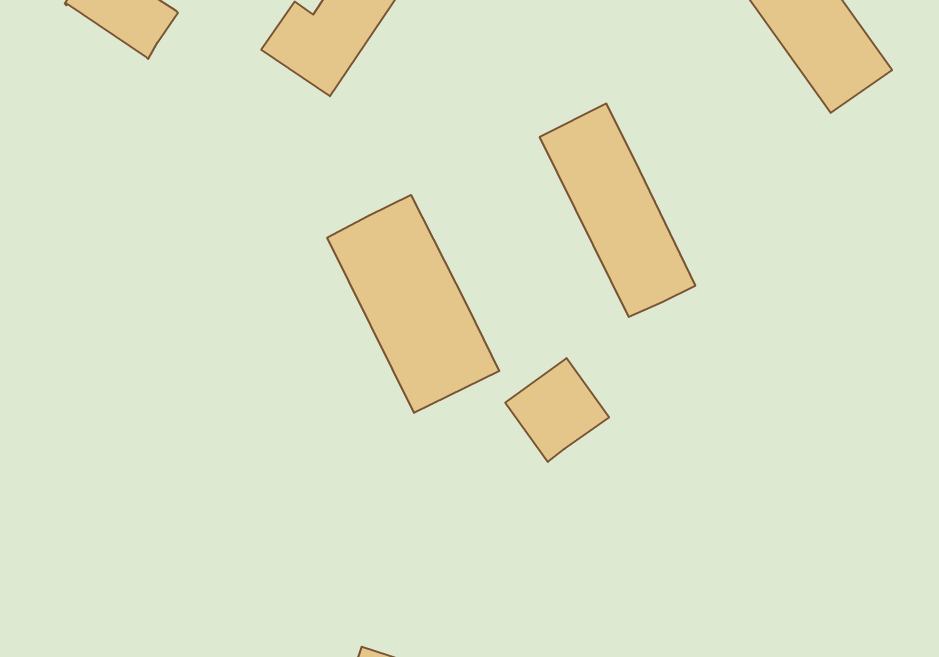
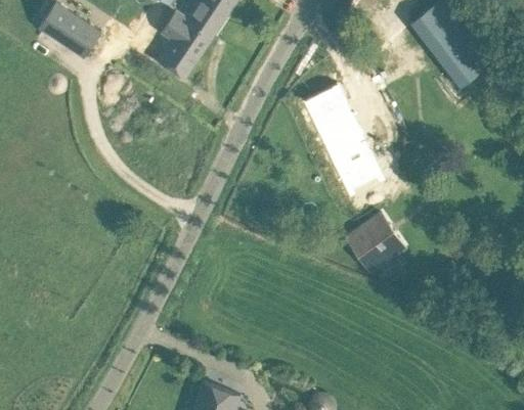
building: [327,195,499,413] -> none
building: [505,358,609,462] -> [347,214,404,271]

